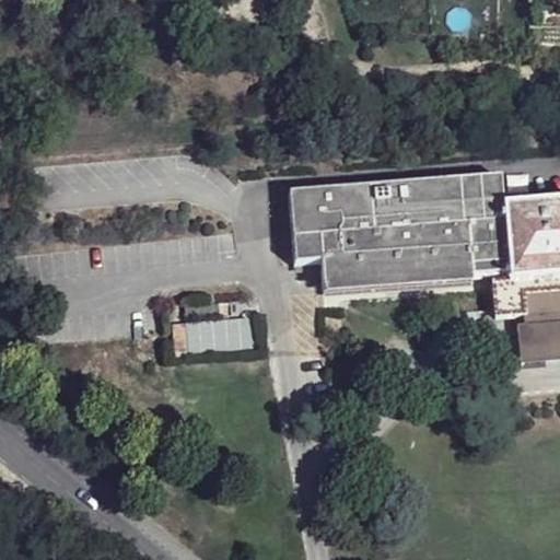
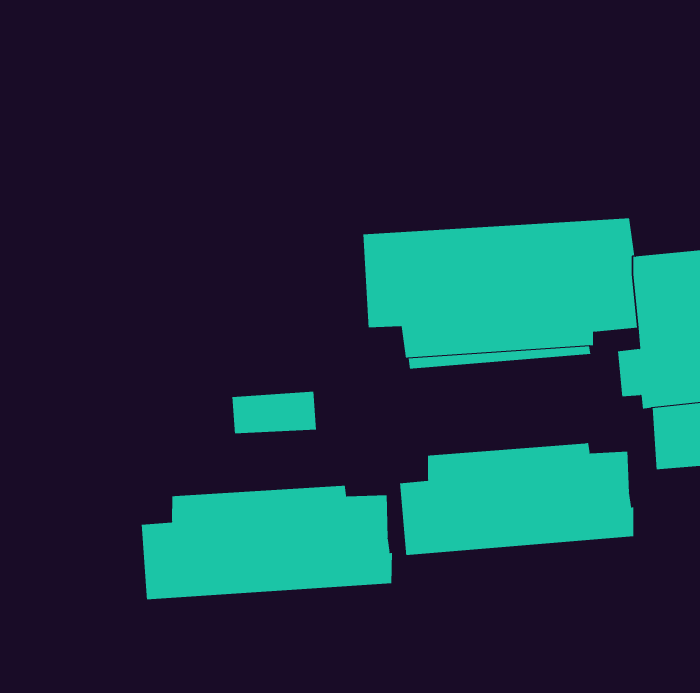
building: none -> [399,442,634,556]
building: none -> [141,485,393,600]

